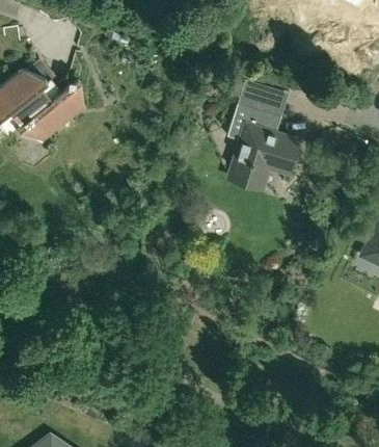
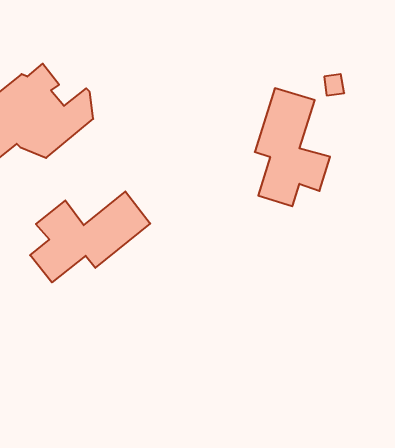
building: none -> [30,191,150,282]

